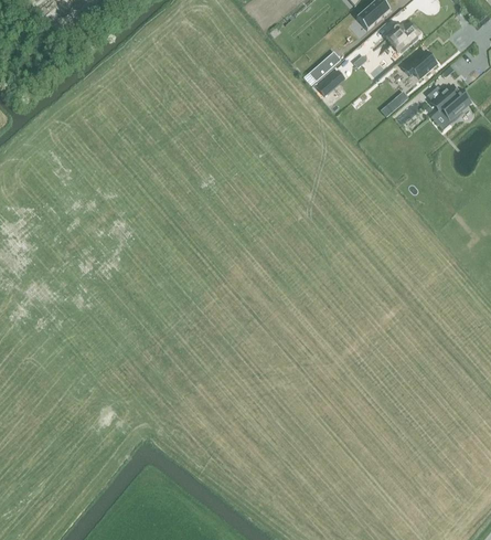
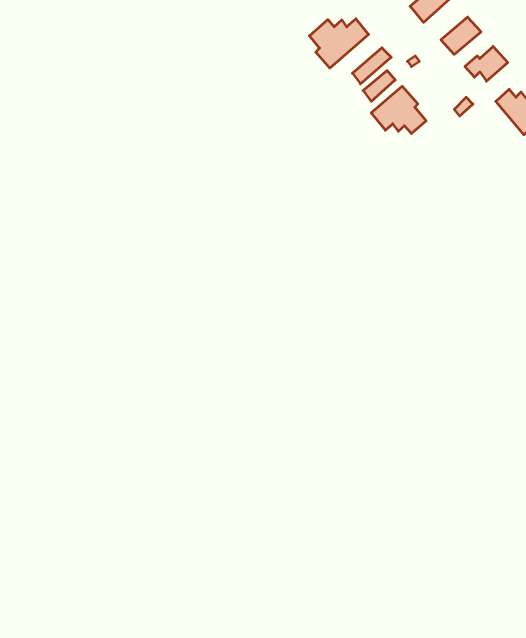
building: none -> [309,19,369,68]
building: none -> [371,86,426,134]

